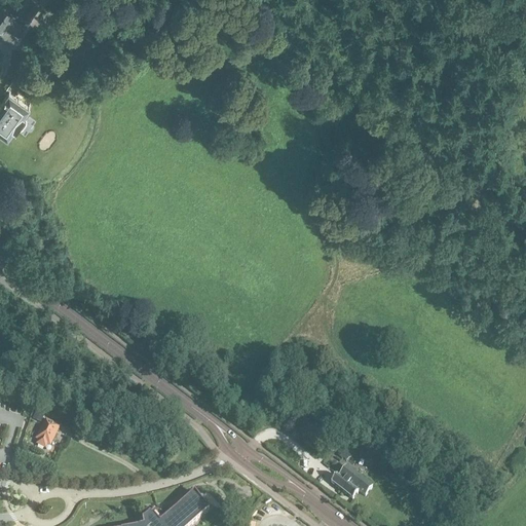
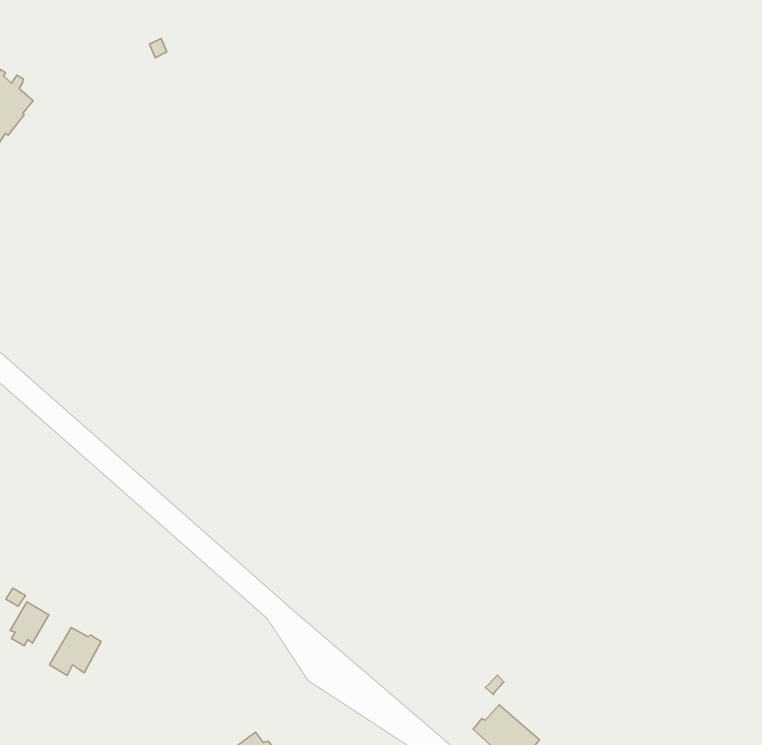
building: none -> [50,628,101,676]

